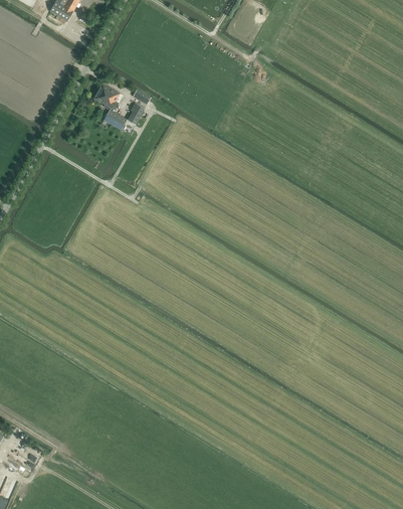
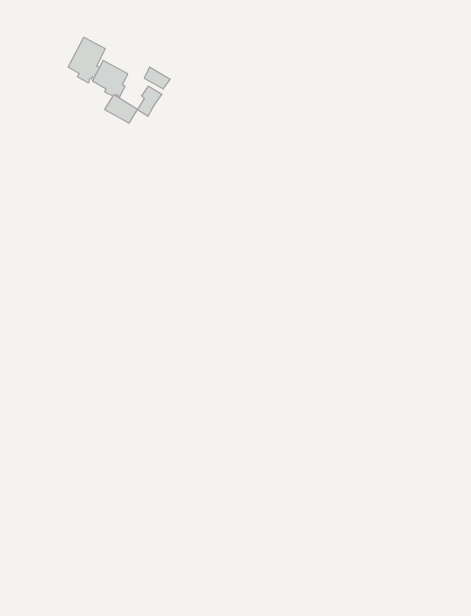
building: none -> [68,37,105,83]

